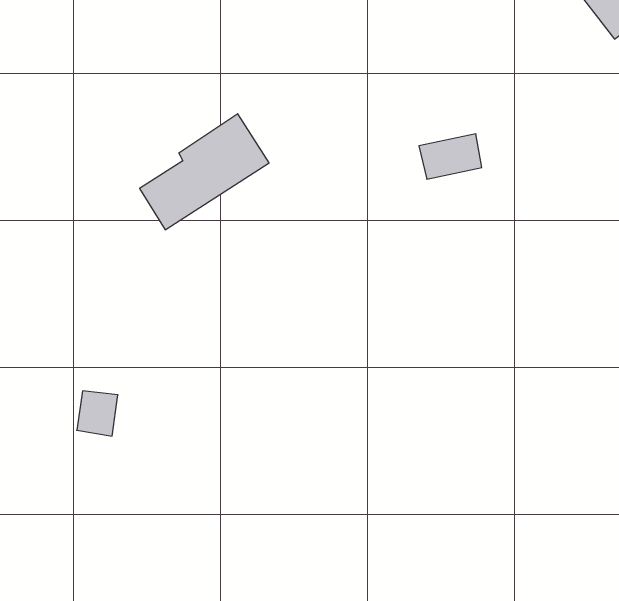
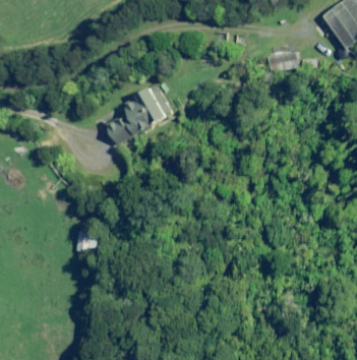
building: [419,134,482,179] -> [265,48,298,71]

